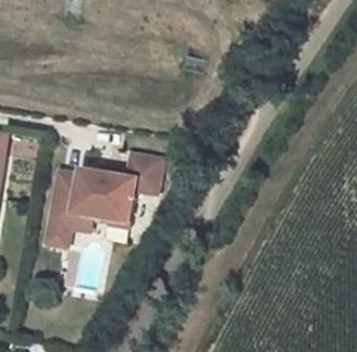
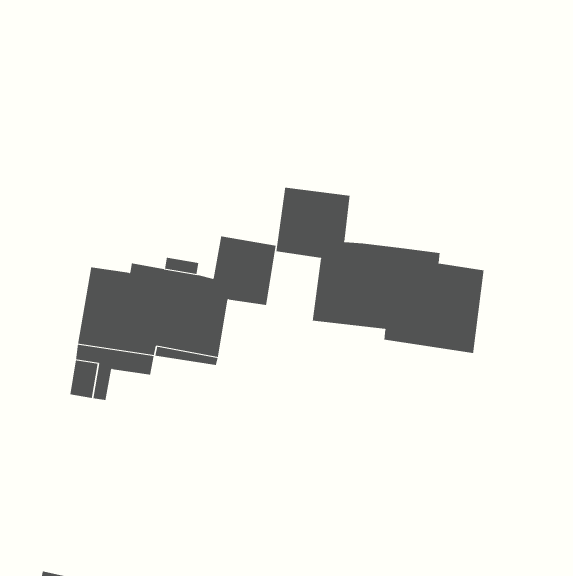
building: none -> [276,187,484,354]

